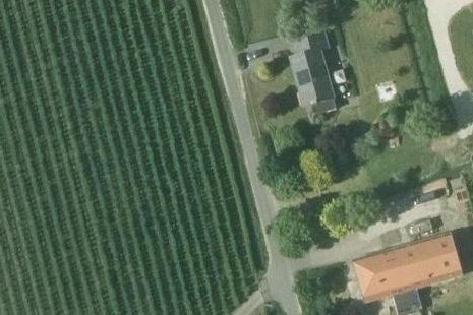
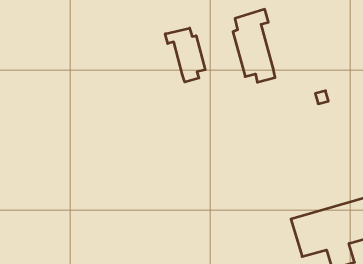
building: none -> [165,28,205,82]

